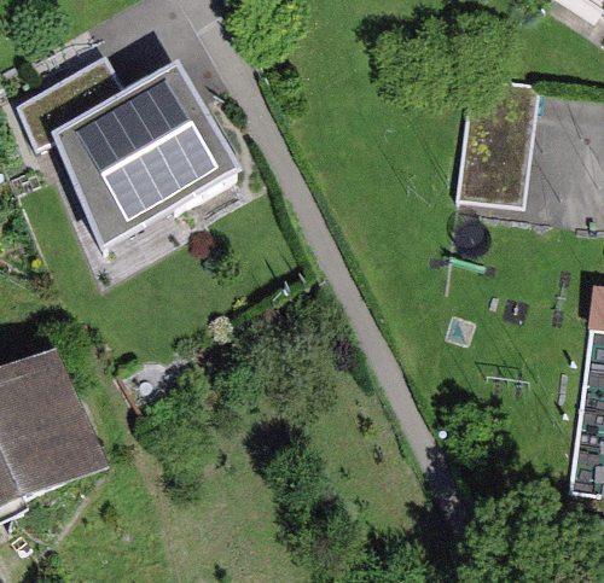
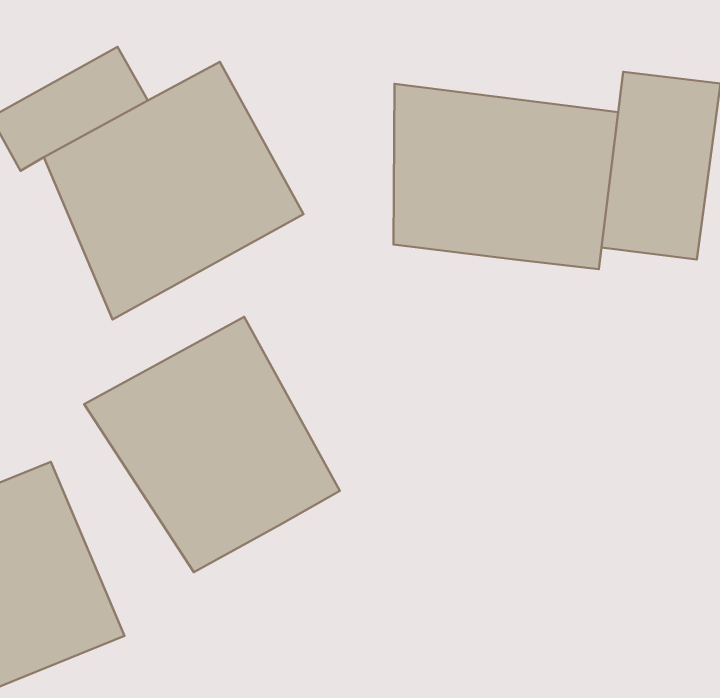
building: none -> [393,84,618,269]
building: none -> [84,317,340,572]

